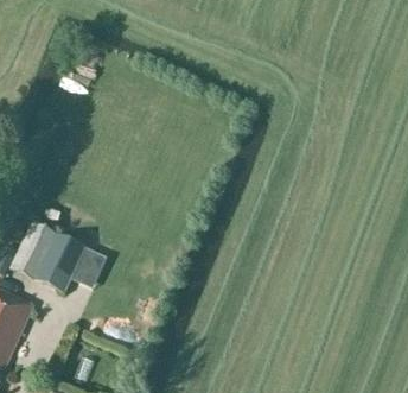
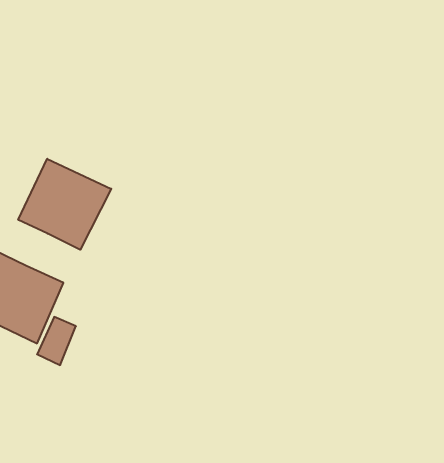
building: none -> [18,159,111,250]

